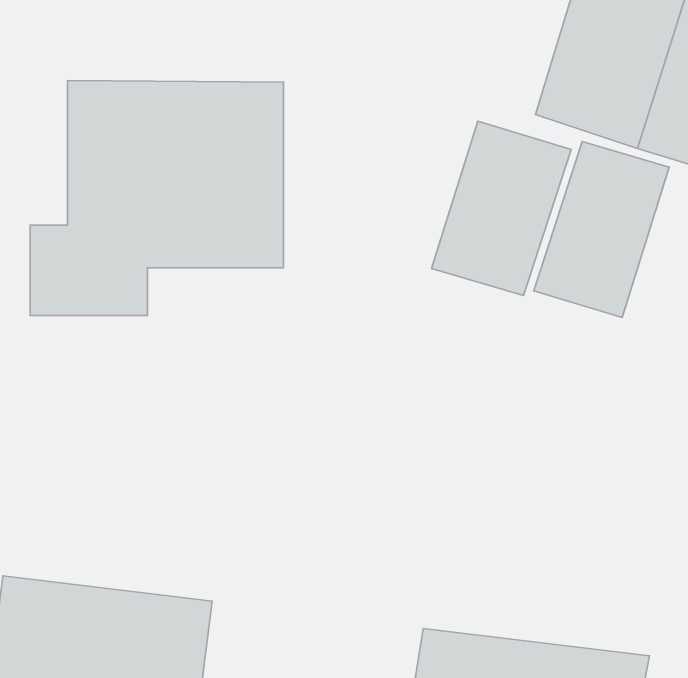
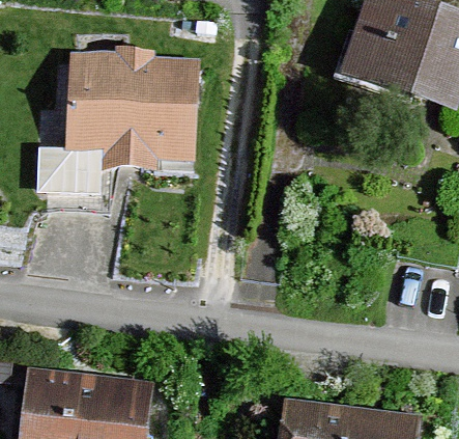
building: [432,121,571,296] -> none
building: [534,142,669,317] -> none

